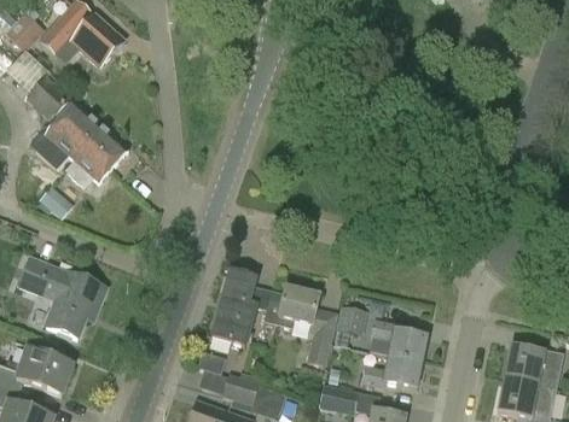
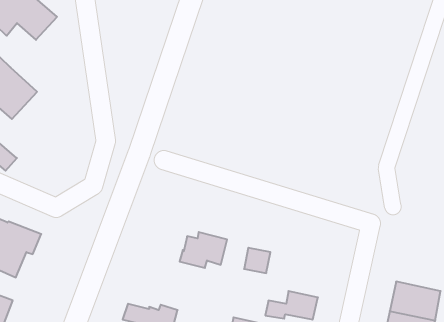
building: [65,127,127,188] -> none
building: [211,266,272,345] -> none
building: [371,320,426,362] -> none
building: [306,324,335,365] -> none

